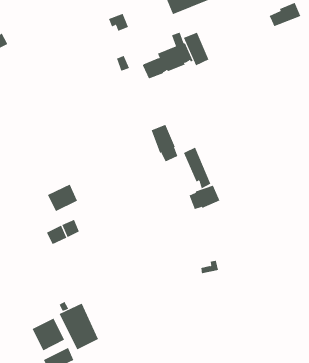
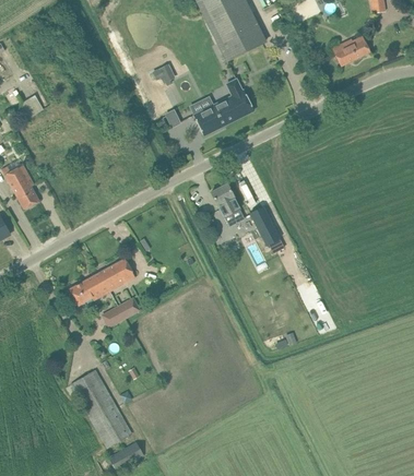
building: [183,32,209,66] -> none
building: [189,185,220,210] -> none
building: none -> [69,272,110,305]
building: [59,303,99,350] -> [70,370,117,424]

